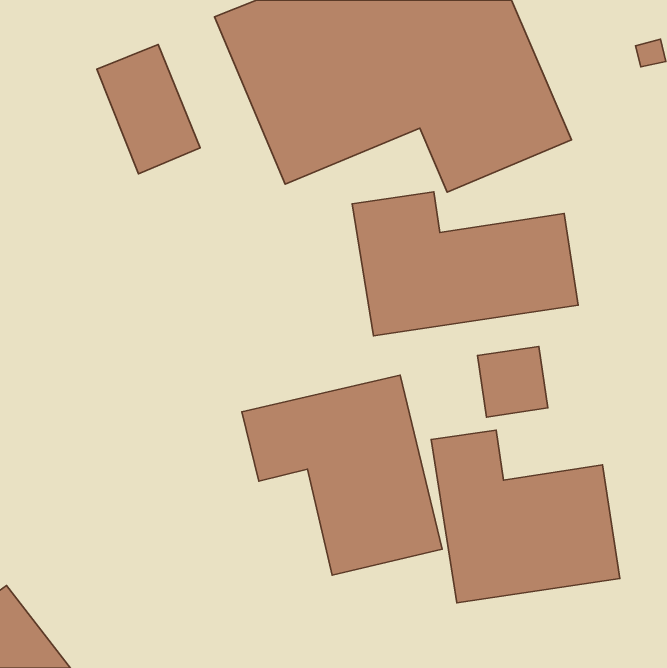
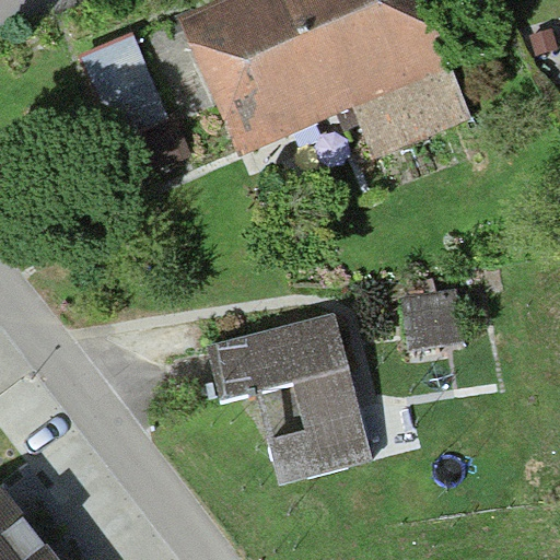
building: [352,192,578,336] -> none
building: [431,430,620,603] -> none

